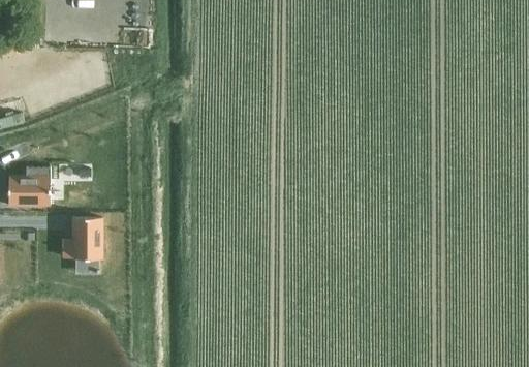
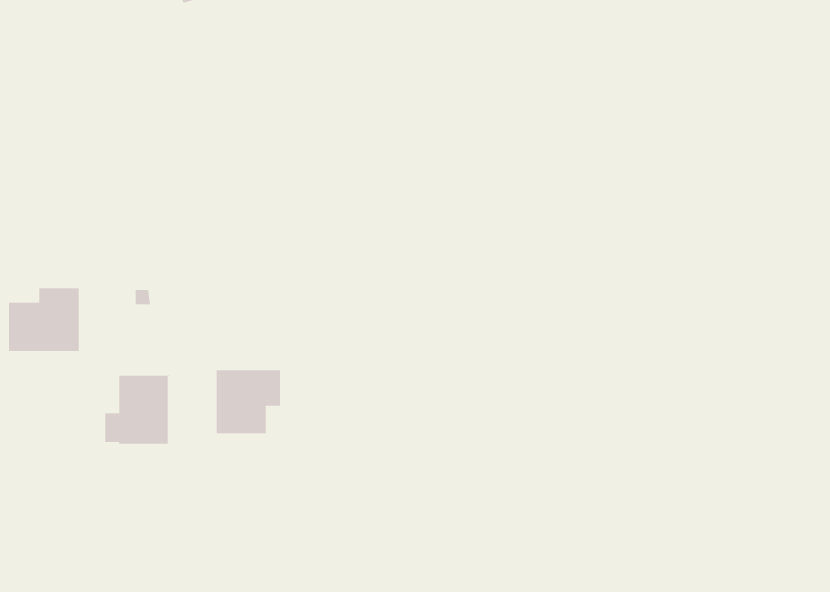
building: none -> [216,369,281,434]

